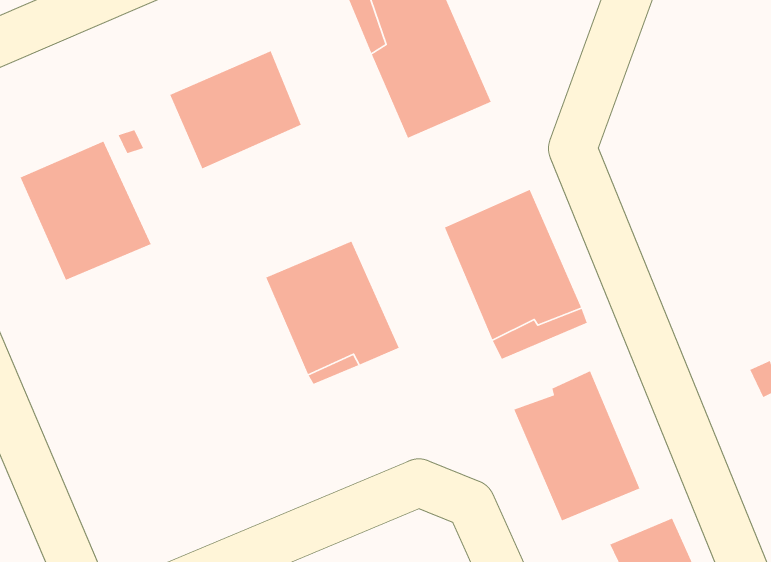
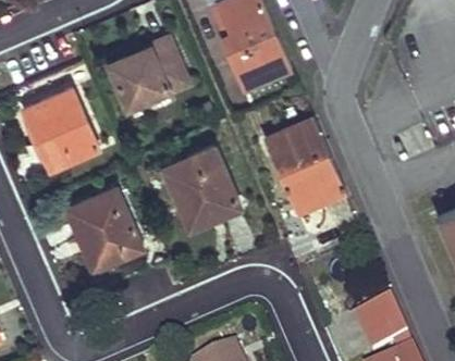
building: none -> [67,187,143,270]
building: [513,370,640,521] -> none

